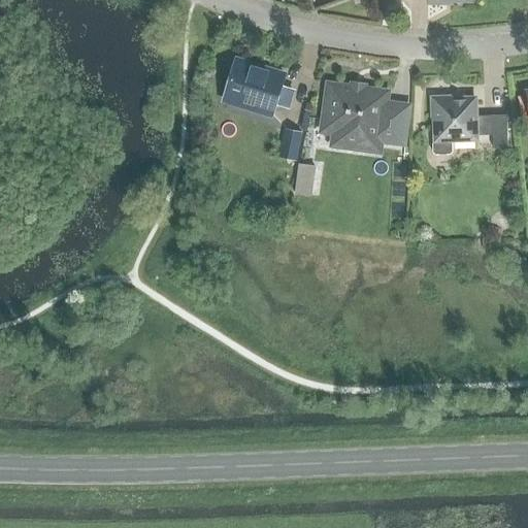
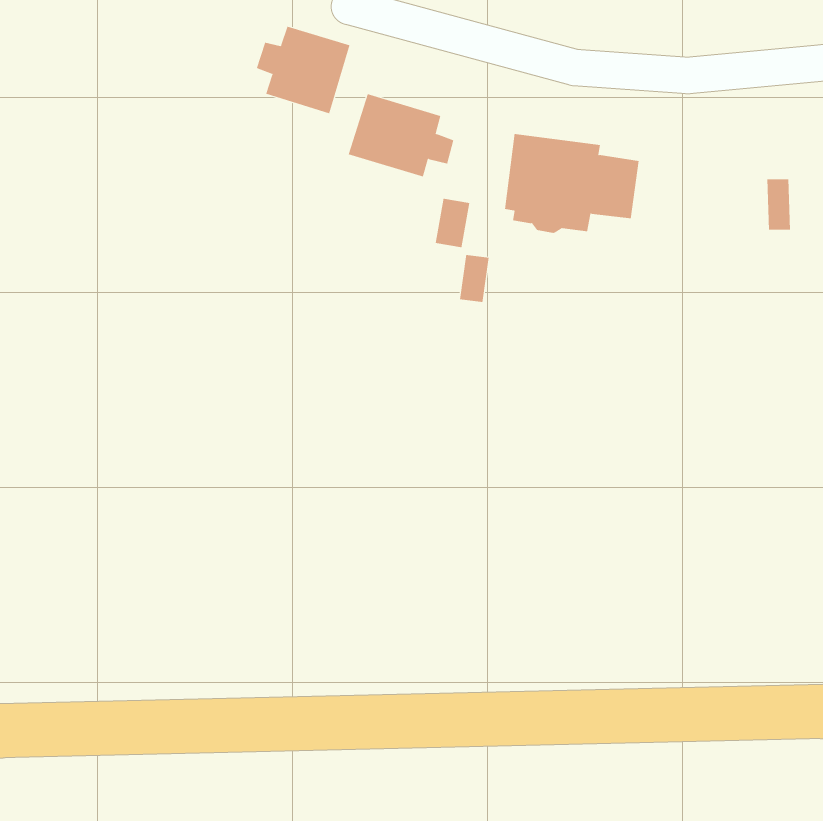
building: none -> [256,26,350,114]
building: [430,96,475,154] -> none

